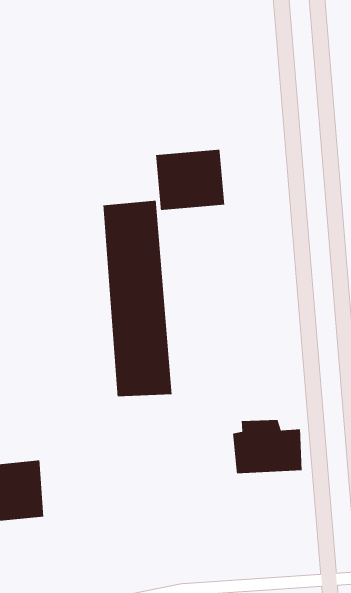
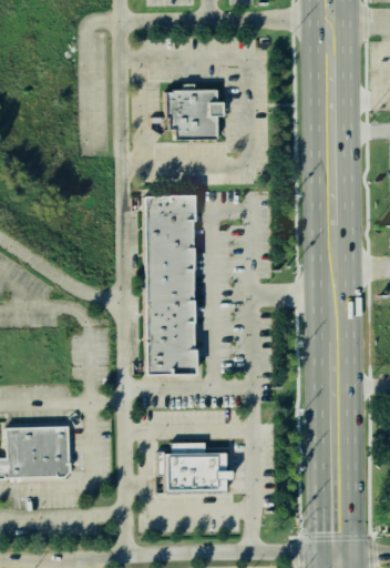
building: [155,149,225,211] -> [166,88,227,141]
building: [232,419,302,474] -> [166,442,229,491]

